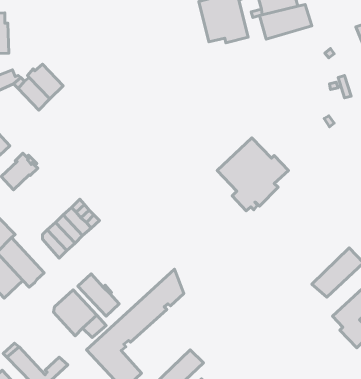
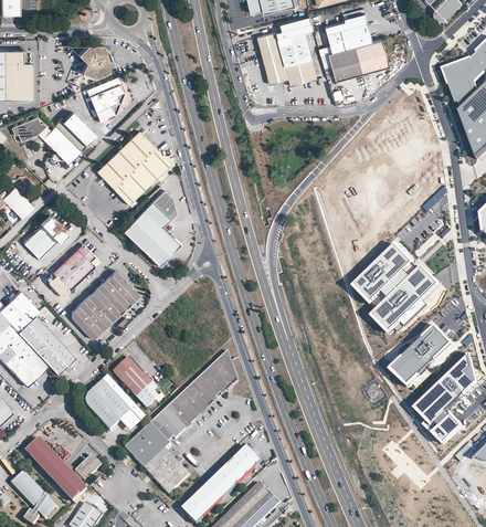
building: none -> [78,44,112,78]
building: none -> [85,77,123,123]
building: none -> [96,133,169,204]
building: none -> [123,190,180,266]
building: [217,138,288,211] -> [353,246,437,333]
building: none -> [51,243,94,291]

